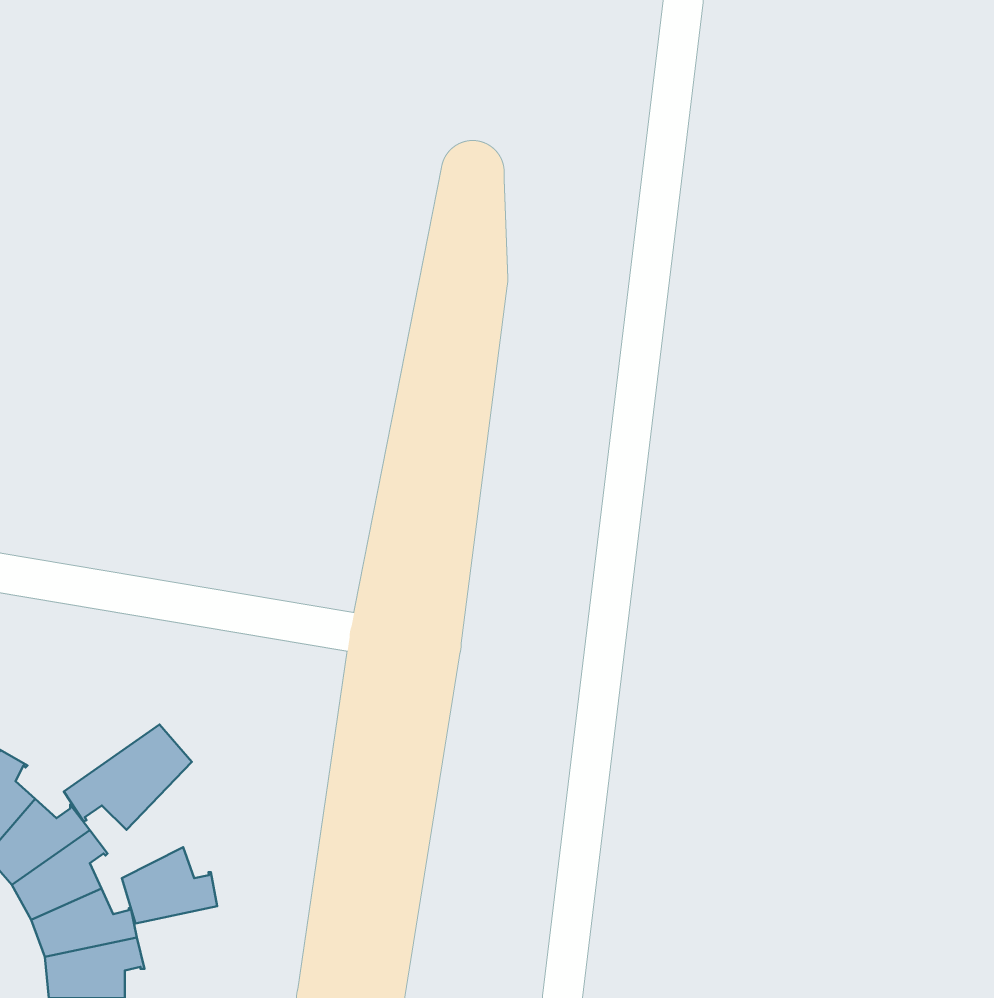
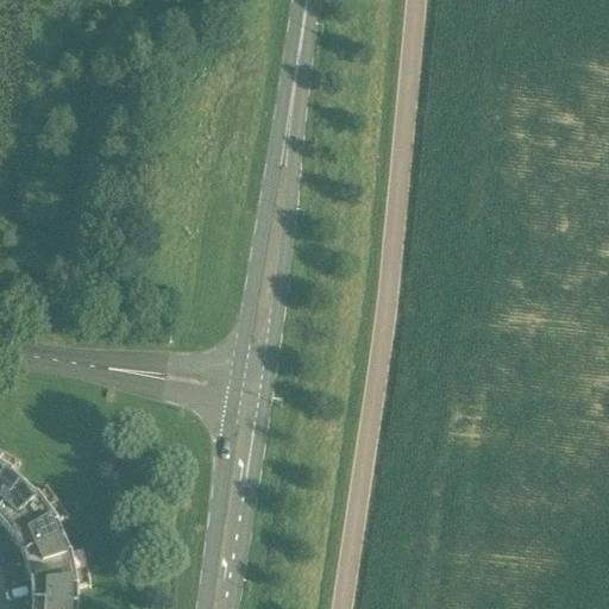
building: [64,724,192,830] -> none
building: [122,847,217,924] -> none

